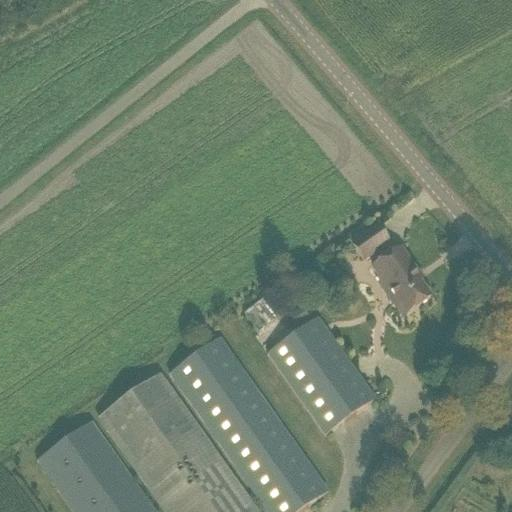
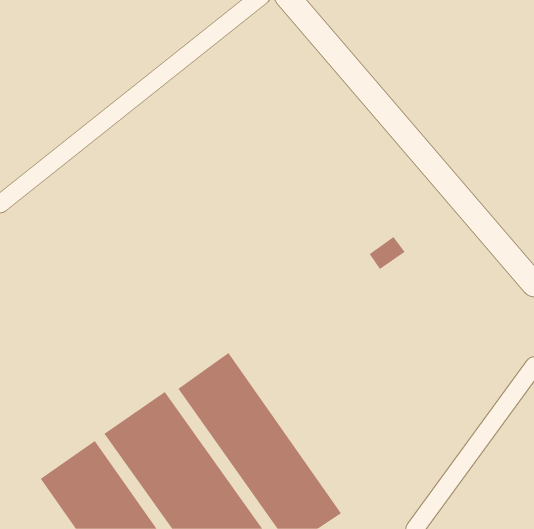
building: [373,247,430,315] -> none
building: [268,317,375,433] -> none

